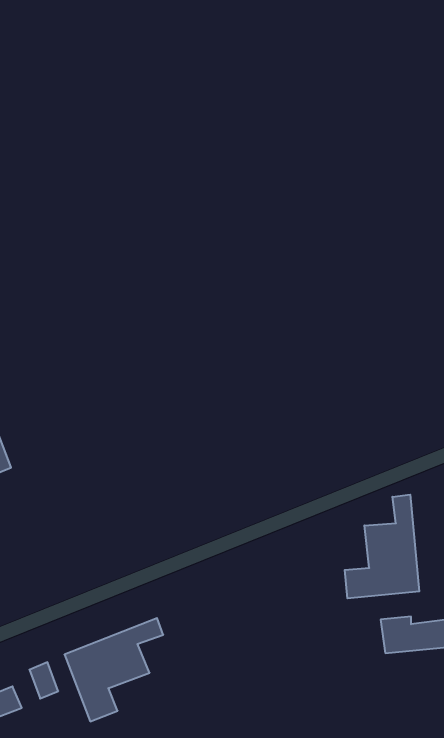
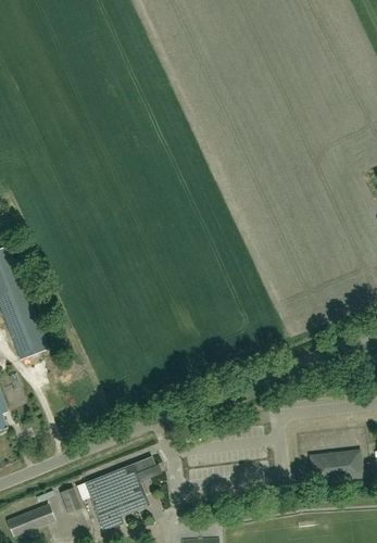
building: [345,495,419,598] -> none

